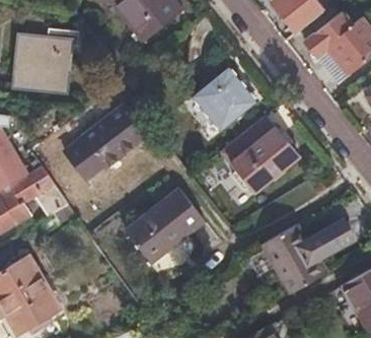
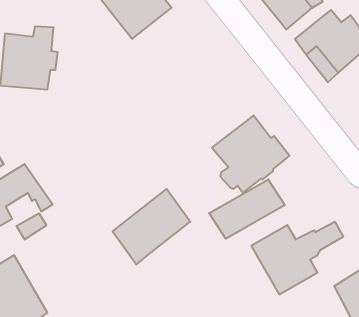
building: [192,66,256,130] -> none
building: [64,106,146,180] -> none
building: none -> [209,179,285,239]

